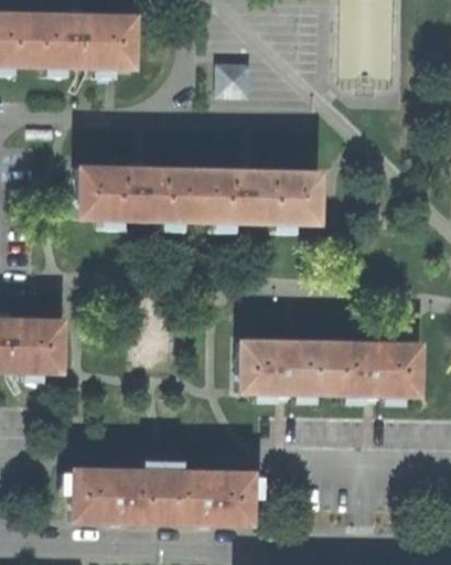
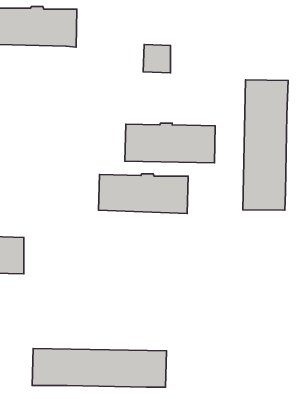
building: none -> [243,80,288,210]
building: [79,167,198,220] -> [99,174,188,213]
building: [241,342,420,394] -> none

